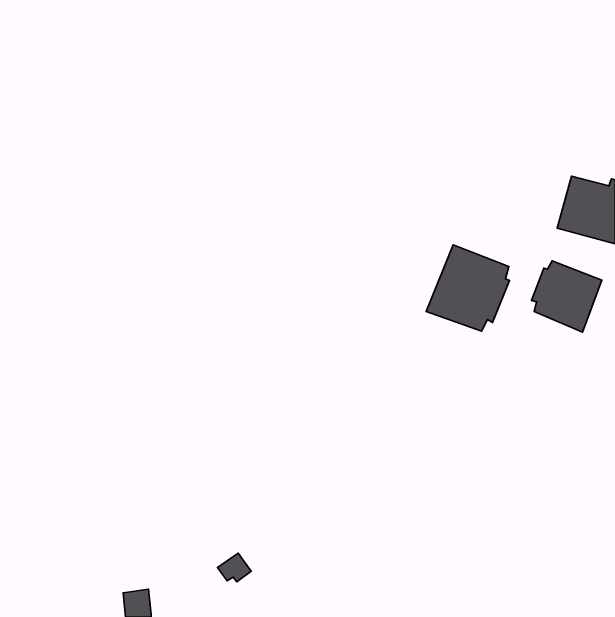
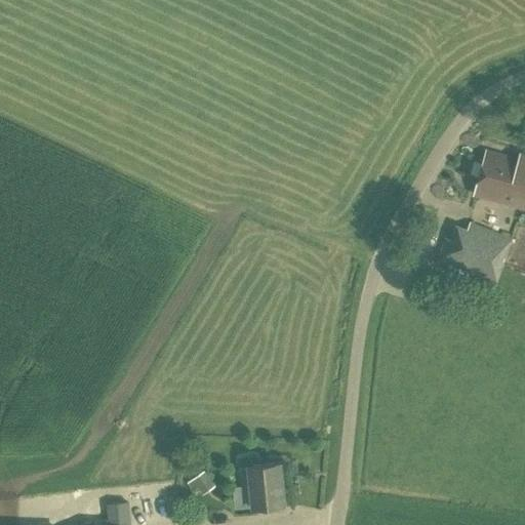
building: [426,245,510,331] -> none
building: none -> [247,461,283,506]

